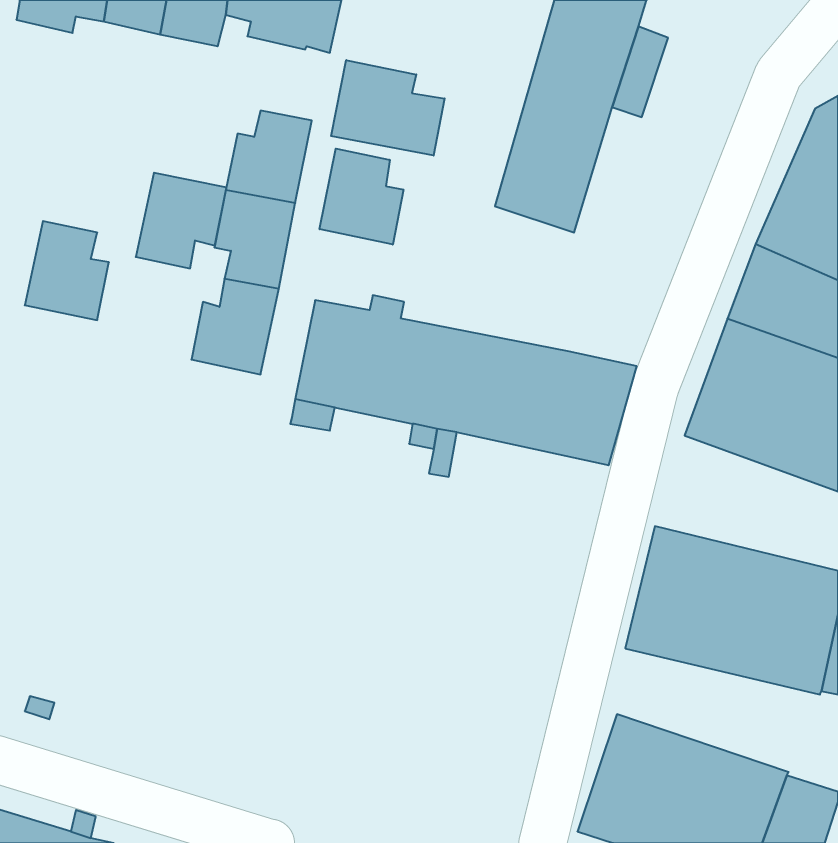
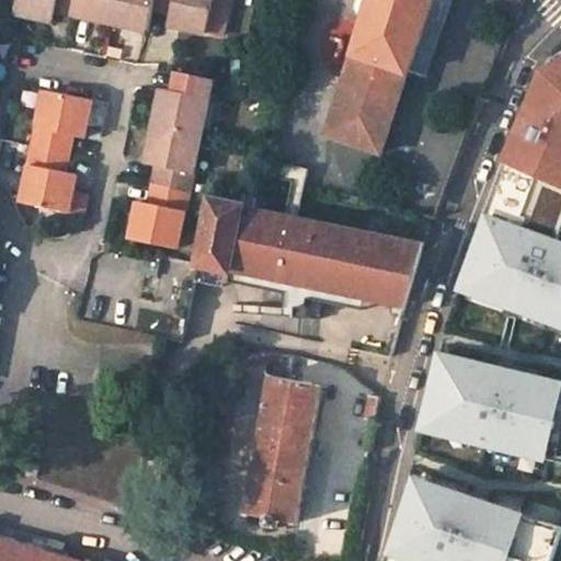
building: [331,60,445,156] -> none
building: [320,149,403,245] -> none
building: [136,173,226,268] -> [28,91,89,154]
building: none -> [243,378,317,527]

